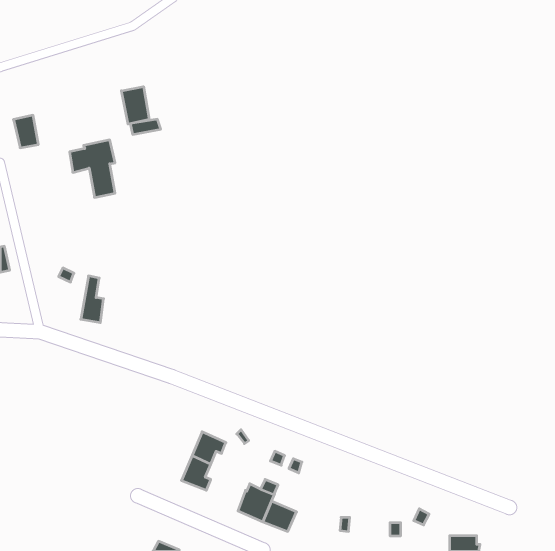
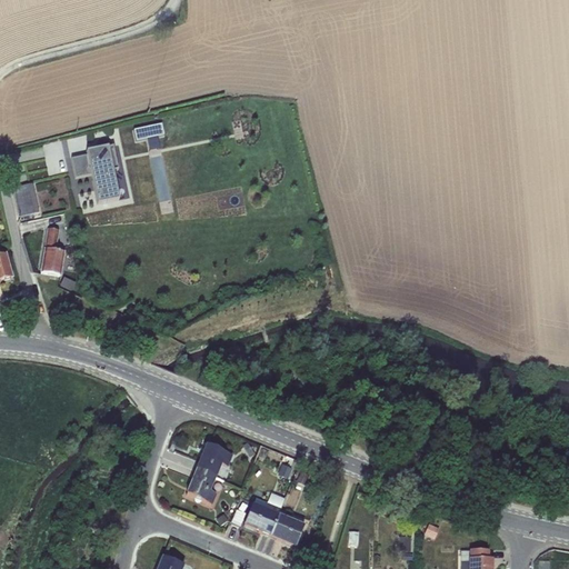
building: [121,87,149,124] -> none
building: [13,115,38,148] -> [12,181,38,214]
building: [81,276,104,323] -> [40,226,63,273]

